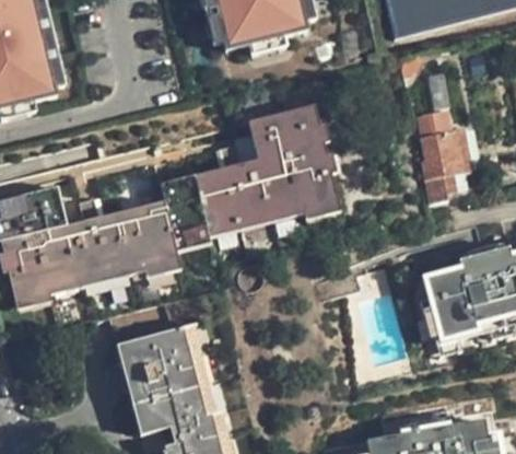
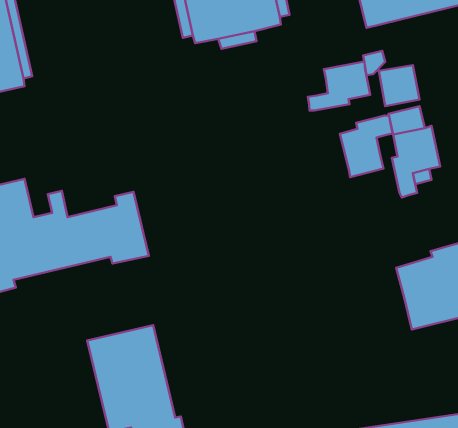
building: none -> [308,62,370,111]
building: [160,101,337,241] -> none
building: none -> [340,116,393,177]

